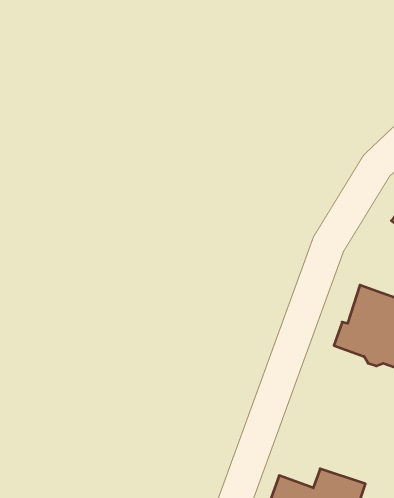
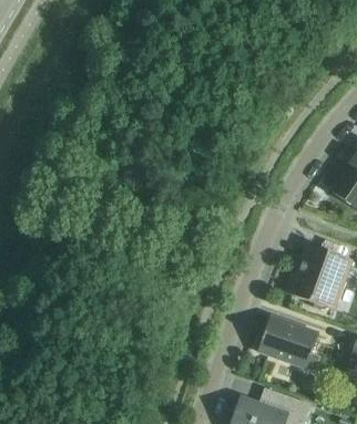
building: none -> [257,314,318,368]

